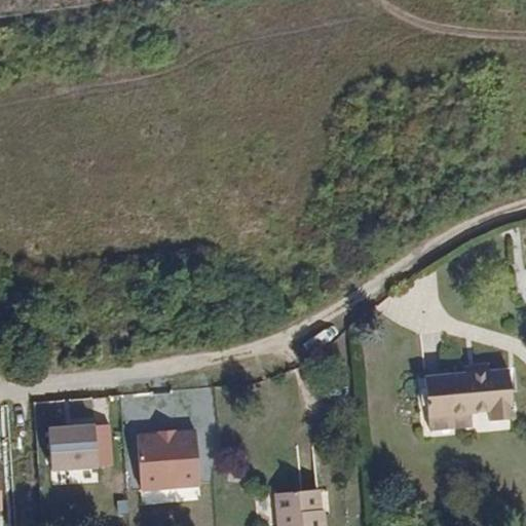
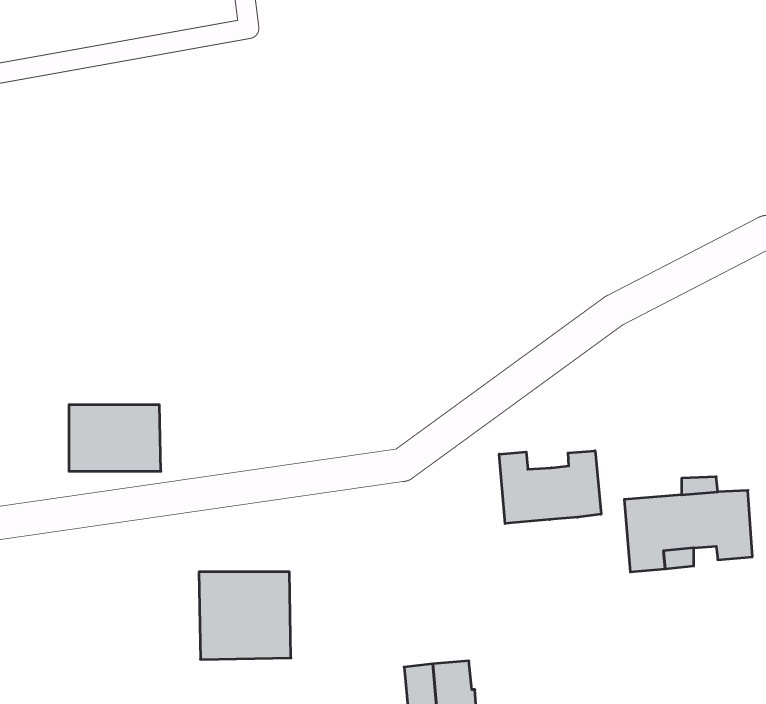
building: none -> [499,451,601,524]
building: [47,423,110,468] -> [69,405,161,471]

